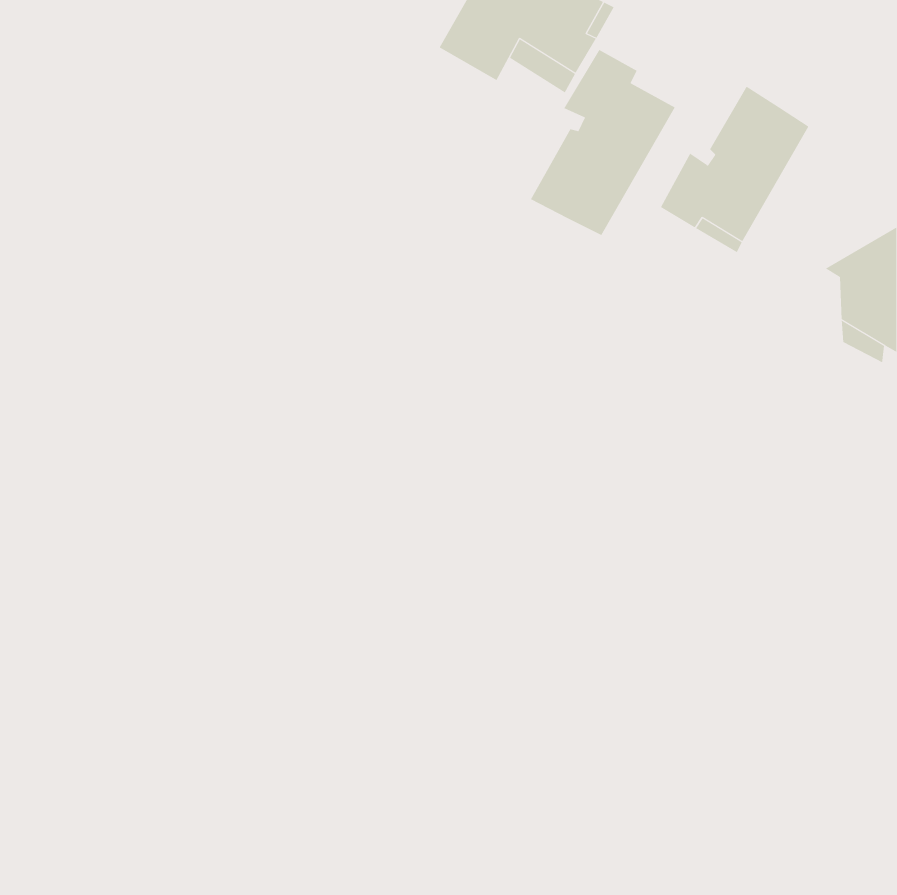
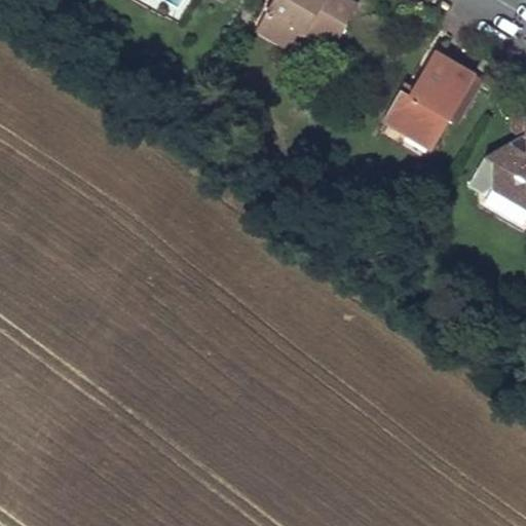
building: [530,49,676,236] -> none

